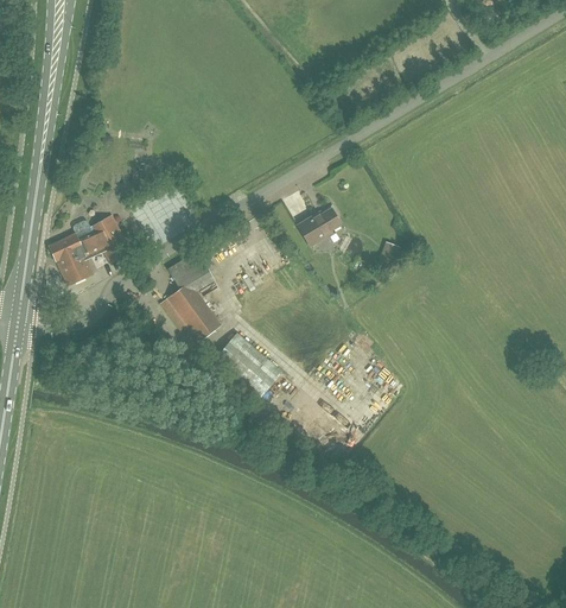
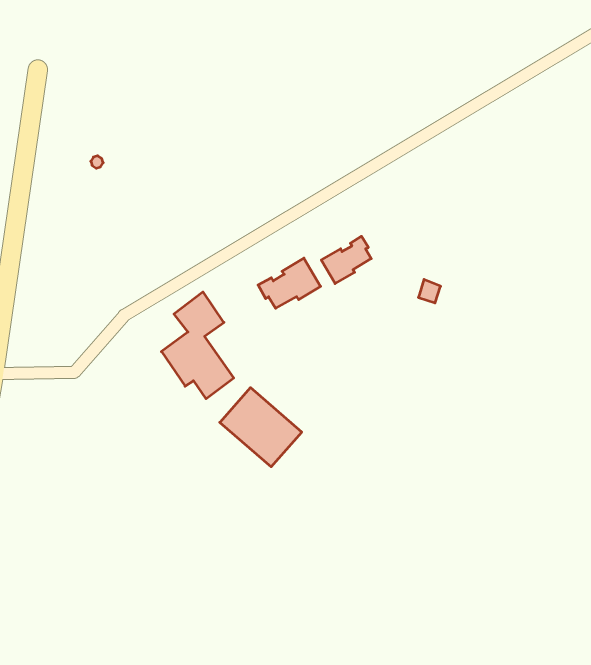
building: [49,215,129,284] -> none
building: none -> [258,258,321,308]

